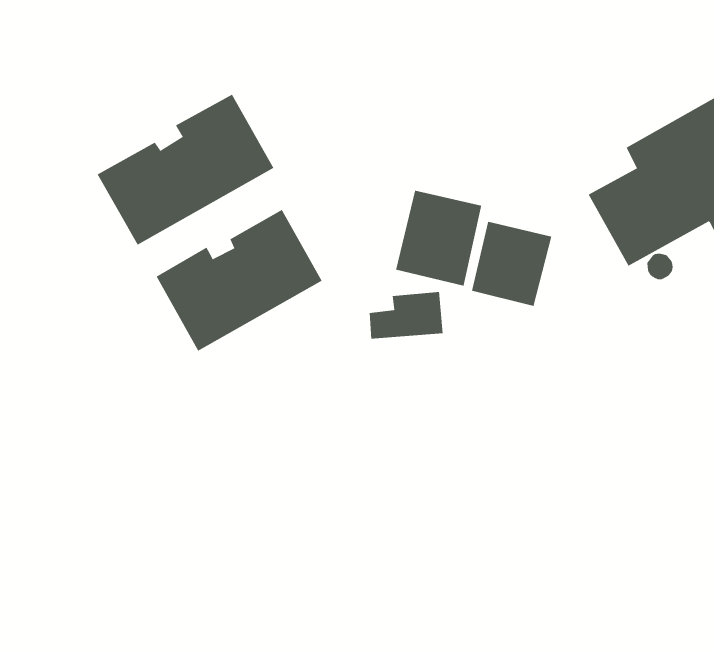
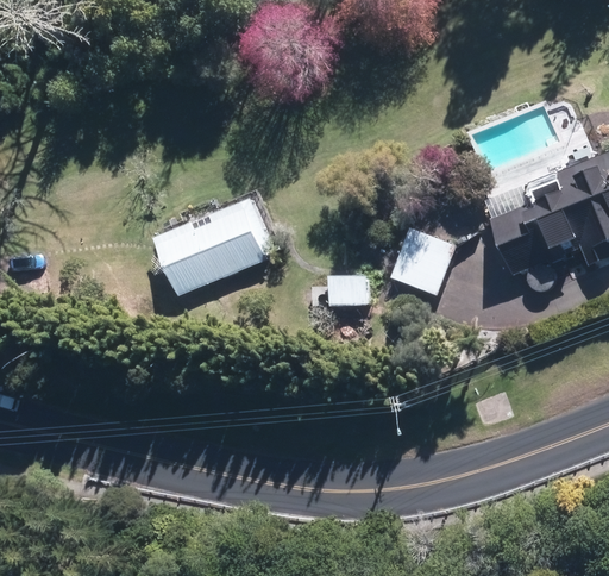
building: [97,94,274,245] -> none
building: [396,190,482,286] -> none

